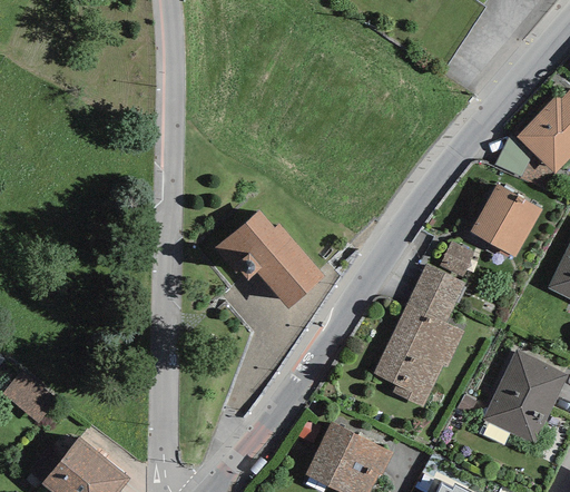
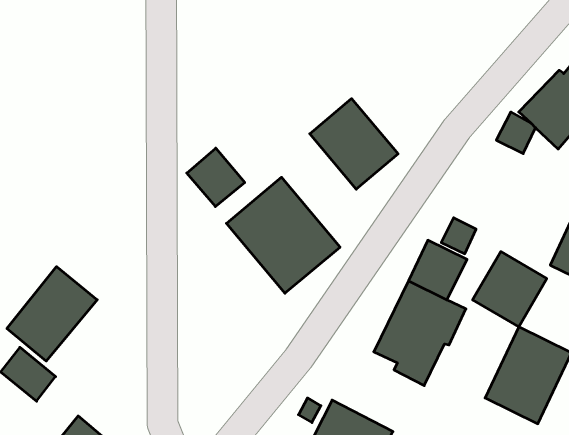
building: none -> [310,99,398,189]
building: none -> [187,148,245,207]
building: [469,183,542,257] -> [473,252,547,327]
building: none -> [7,267,97,361]

